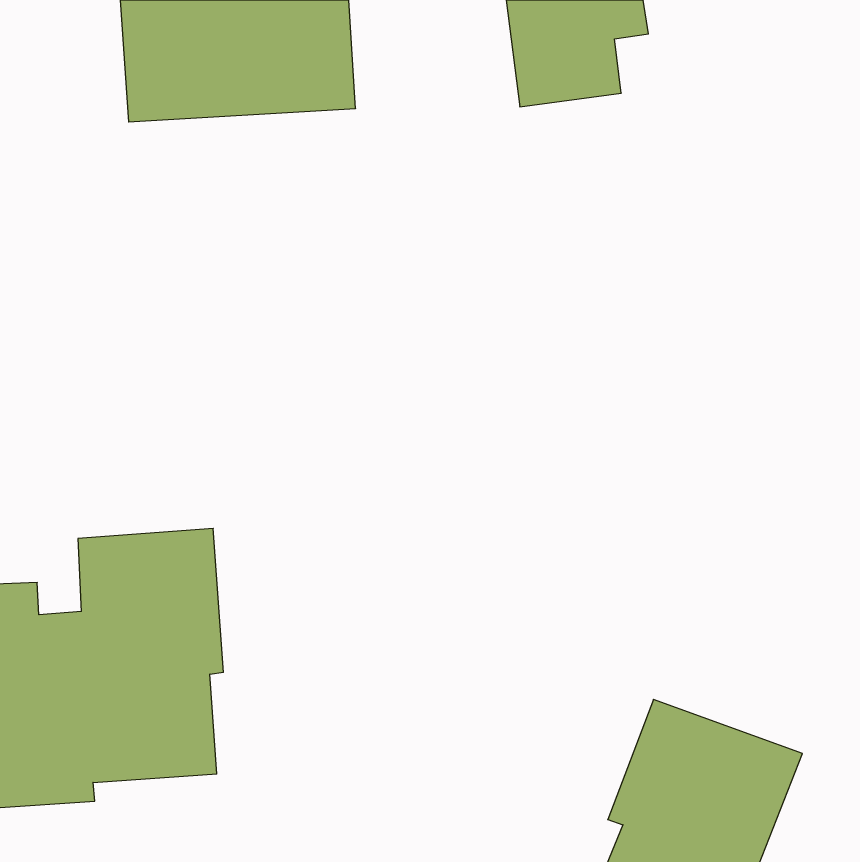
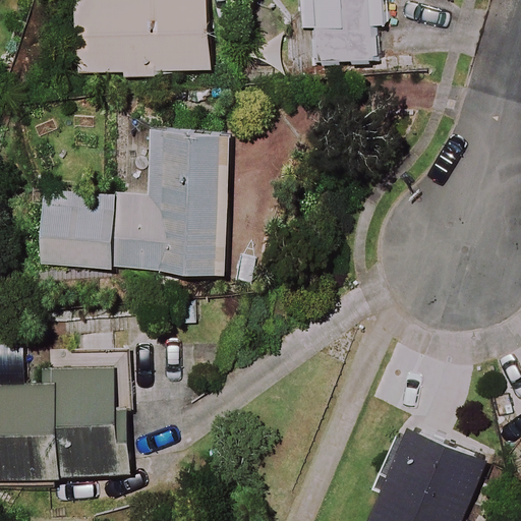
building: none -> [38,131,231,273]

